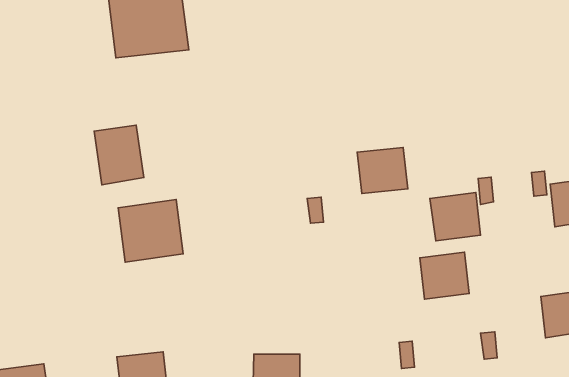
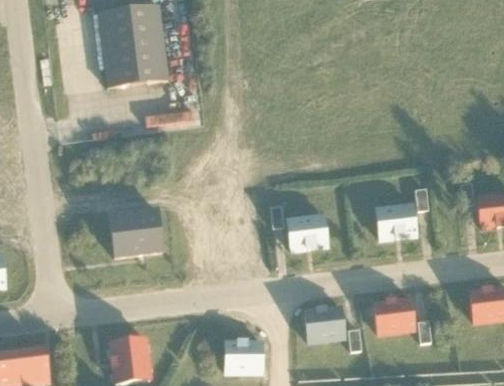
building: [94,125,144,185] -> none
building: [357,147,408,193] -> [285,213,328,252]
building: [420,252,469,299] -> [372,296,415,336]
building: none -> [302,304,345,345]

